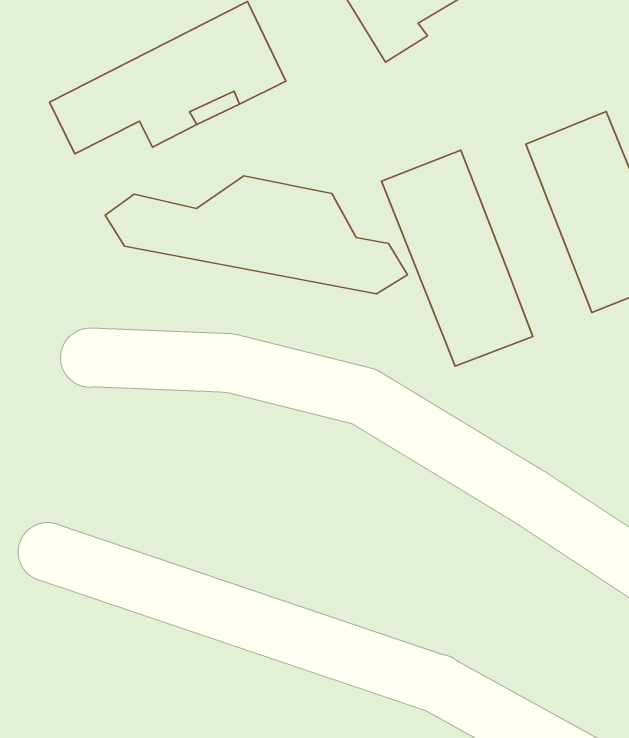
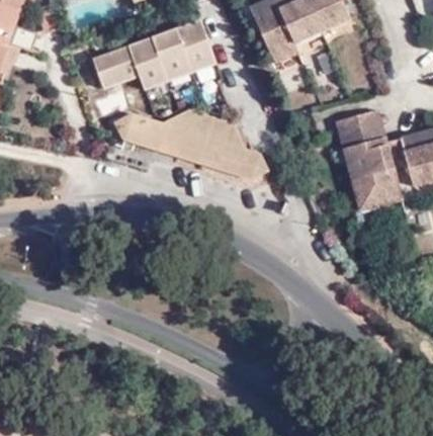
building: [381,150,533,366] -> none

